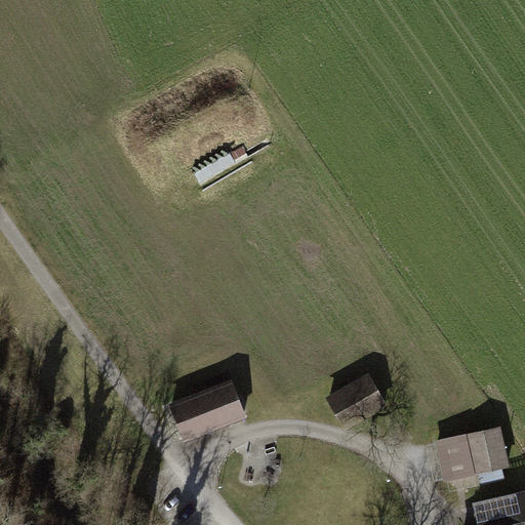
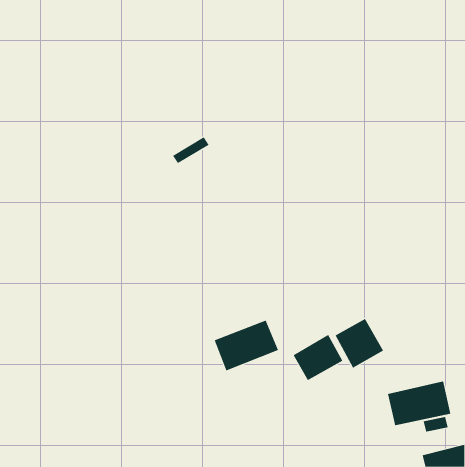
building: none -> [335,318,384,369]
building: [170,381,243,439] -> [214,320,279,371]

